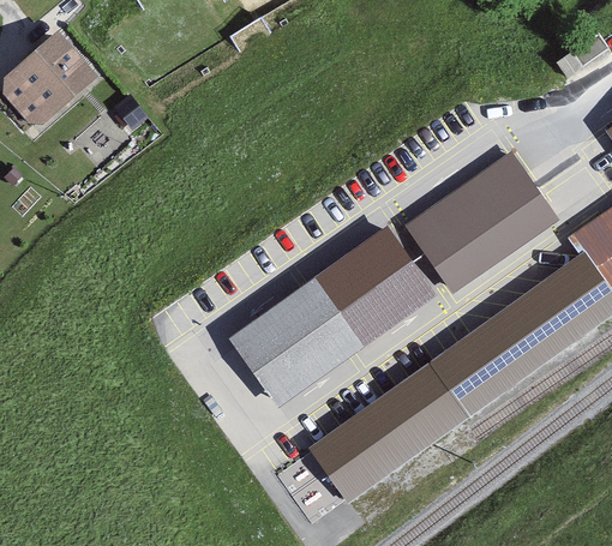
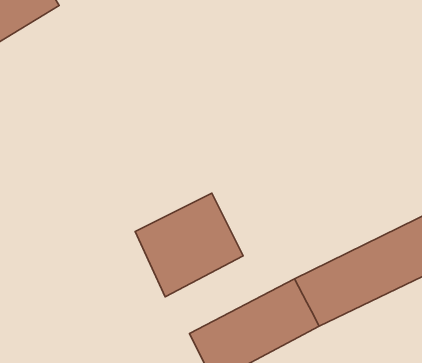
building: [407,150,554,286] -> none
building: [316,222,437,343] -> none

